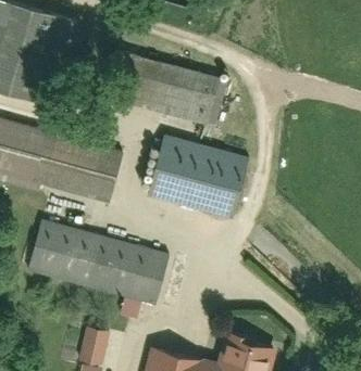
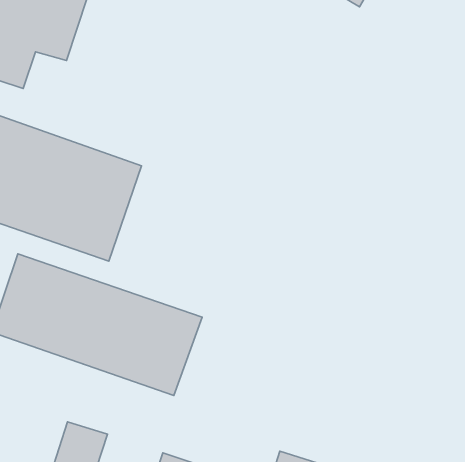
building: [96,47,223,128] -> none
building: [150,138,253,219] -> none

